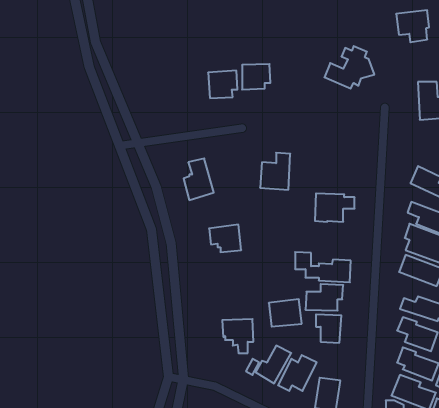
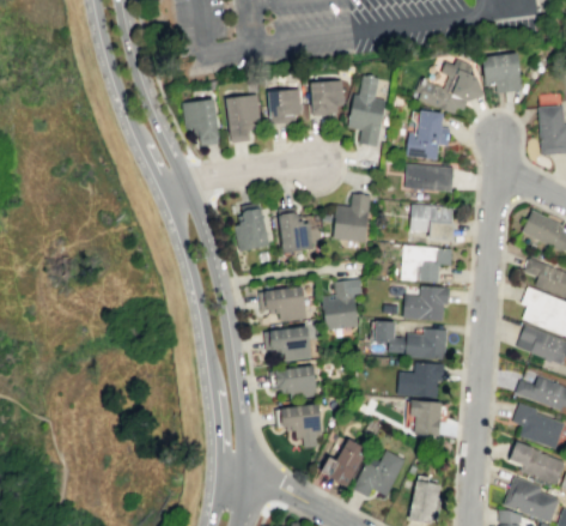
building: [396,10,429,42] -> [476,52,518,92]
building: none -> [351,75,387,146]
building: none -> [227,95,264,141]
building: none -> [185,99,223,145]
building: none -> [408,111,448,159]
building: none -> [407,164,455,189]
building: none -> [412,205,458,241]
building: none -> [280,206,317,252]
building: none -> [324,279,361,328]
building: none -> [404,286,451,319]
building: none -> [275,326,316,362]
building: [269,299,302,327] -> [280,365,322,400]

